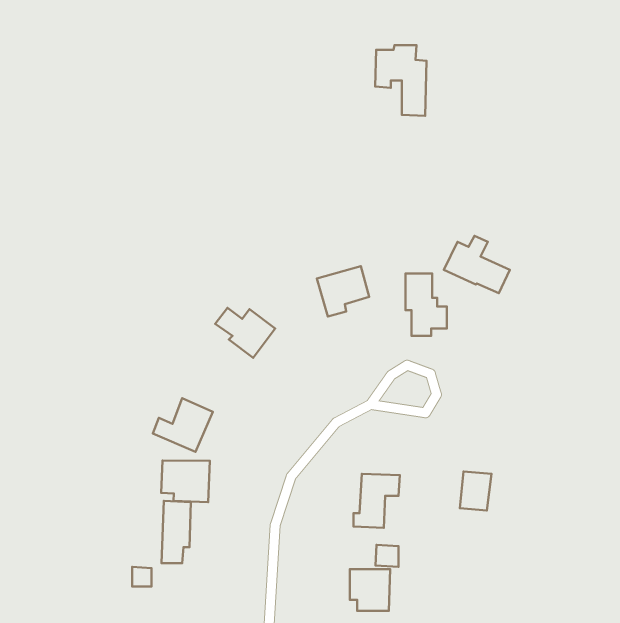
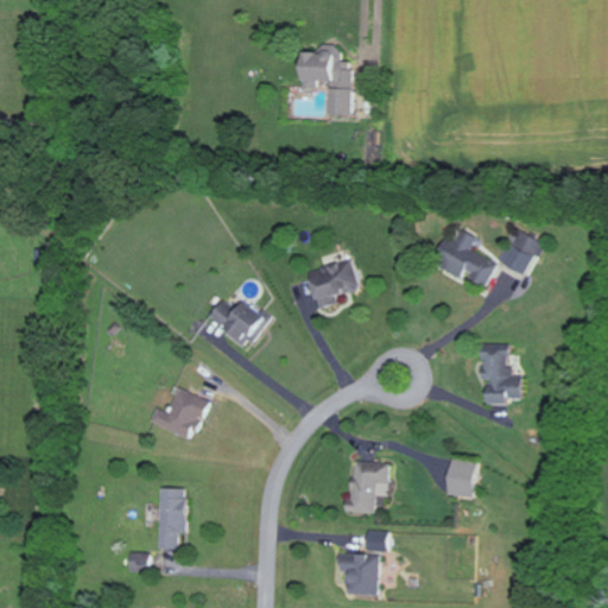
building: [375,45,426,116] -> [302,46,352,115]
building: none -> [496,232,544,273]
building: [405,273,447,336] -> [480,344,520,405]
building: [161,460,210,502] -> none

